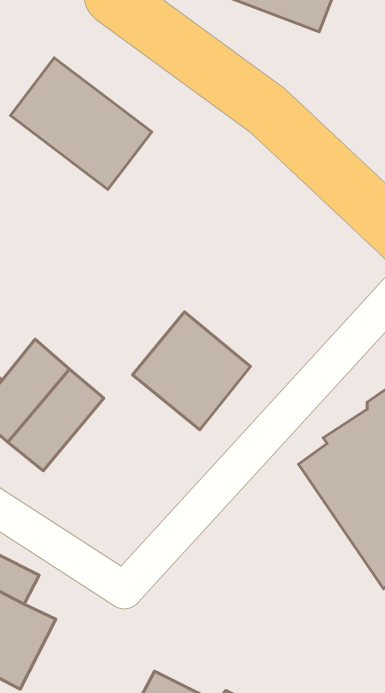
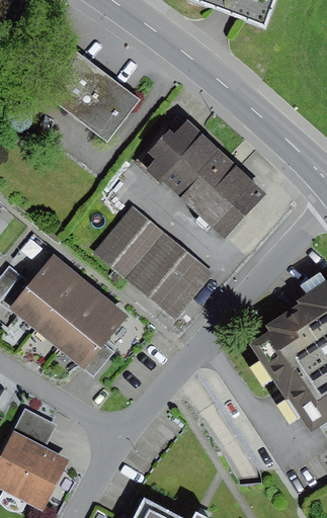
building: none -> [146,119,267,240]
building: none -> [94,205,164,278]
building: none -> [60,295,129,376]

